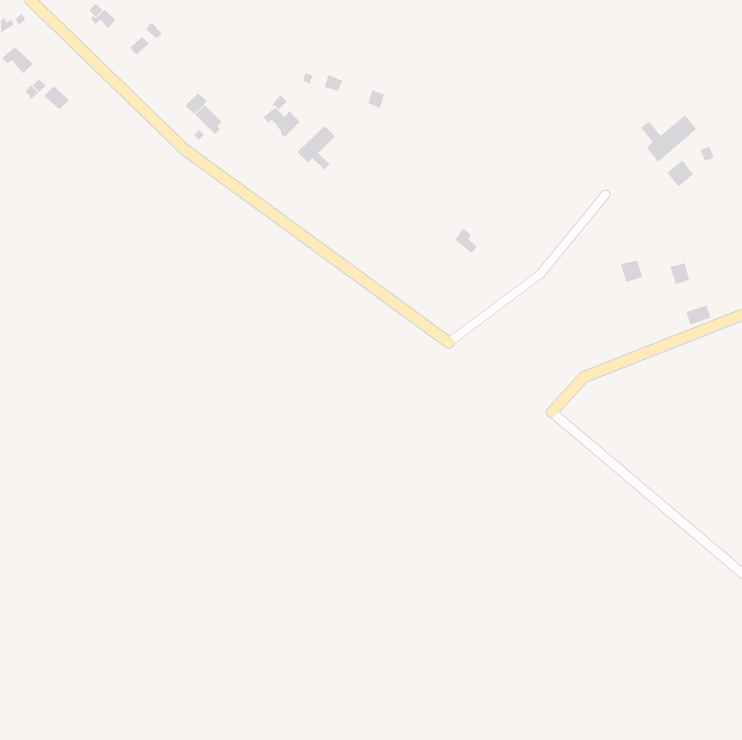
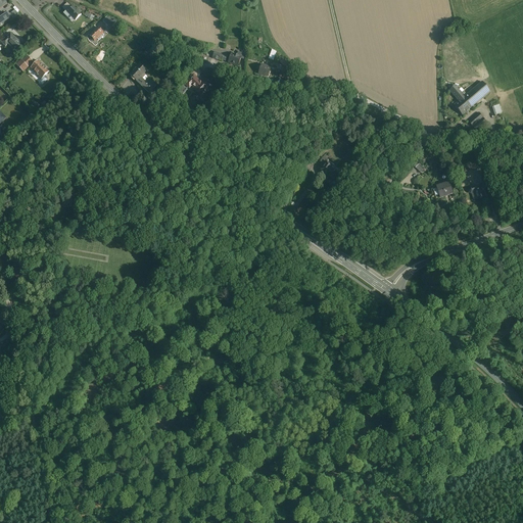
building: [297,125,336,170] -> none

